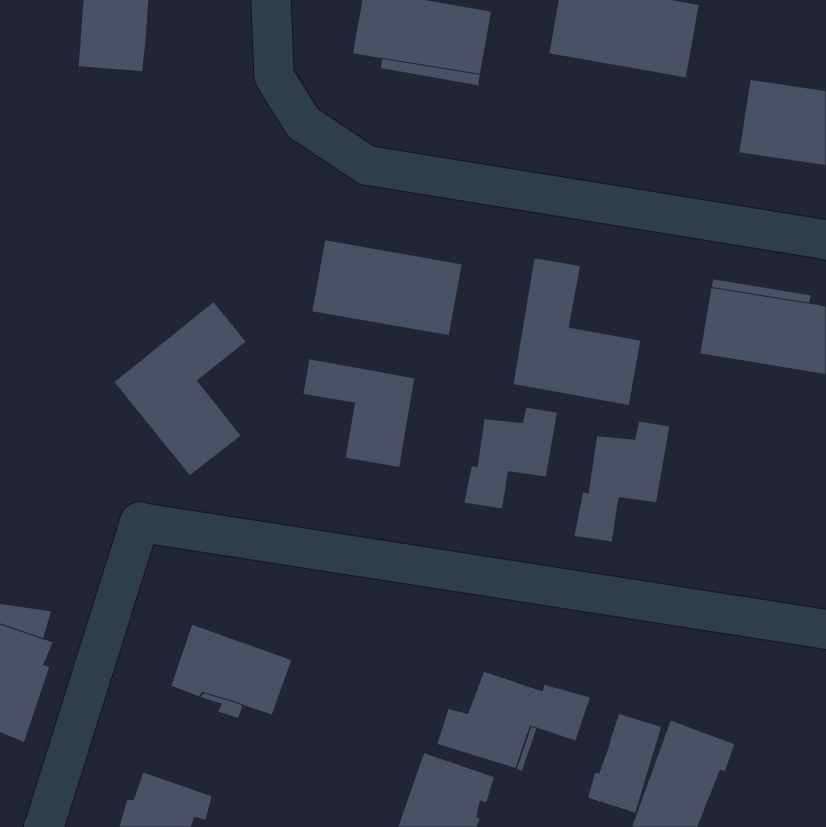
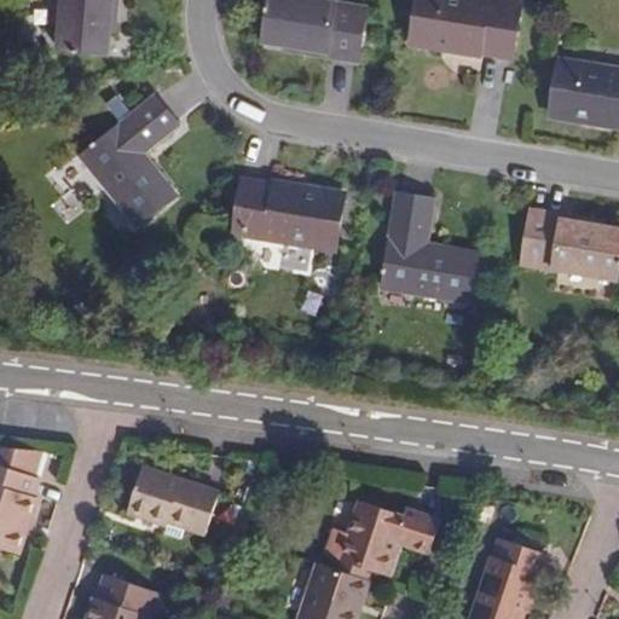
building: [113,301,246,476] -> [80,94,179,225]
building: [303,358,415,468] -> none
building: [464,407,558,509] -> none
building: [574,421,670,542] -> none
building: [587,713,662,813] -> none

